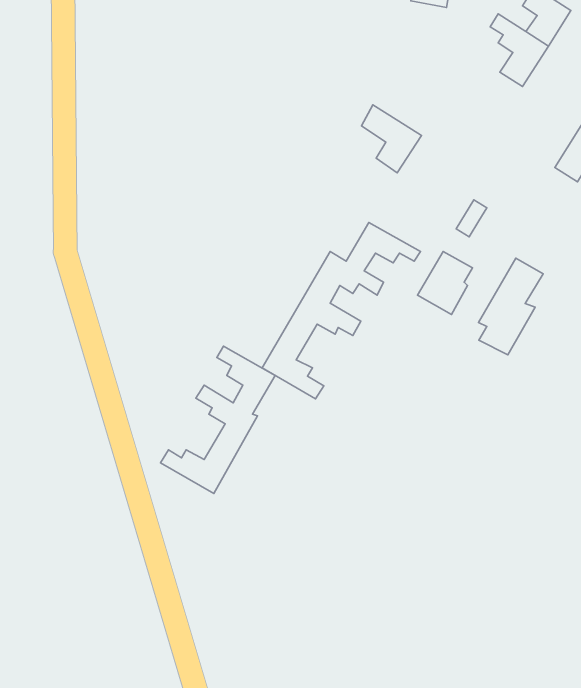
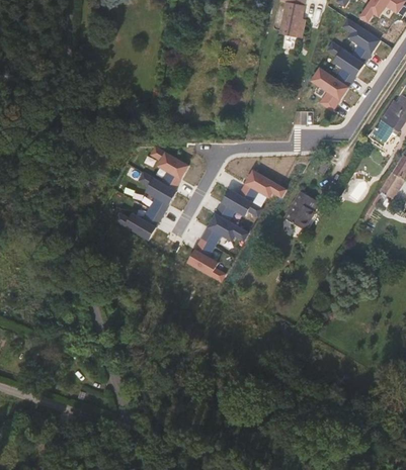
building: [362,105,421,173] -> [312,68,349,110]
building: [478,258,543,355] -> none
building: [160,346,275,493] -> [114,148,186,240]

